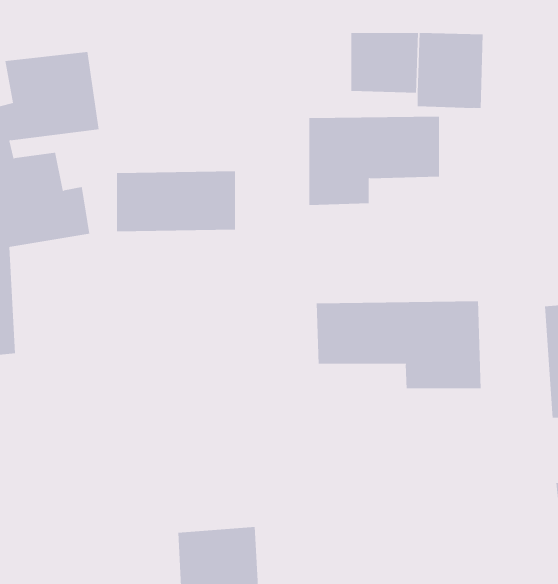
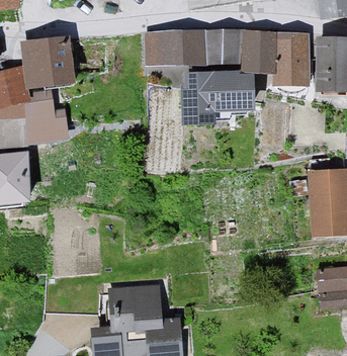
building: none -> [271,30,310,83]
building: [116,171,236,232] -> [142,29,205,62]
building: [316,300,481,389] -> none

